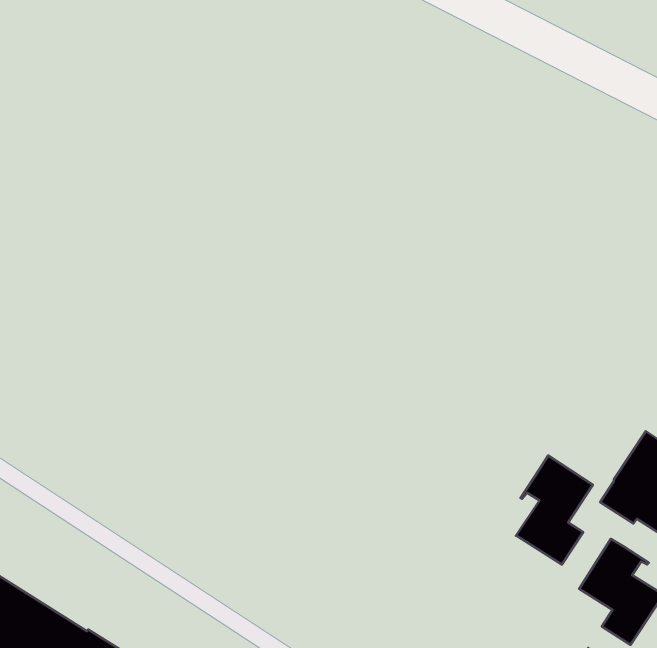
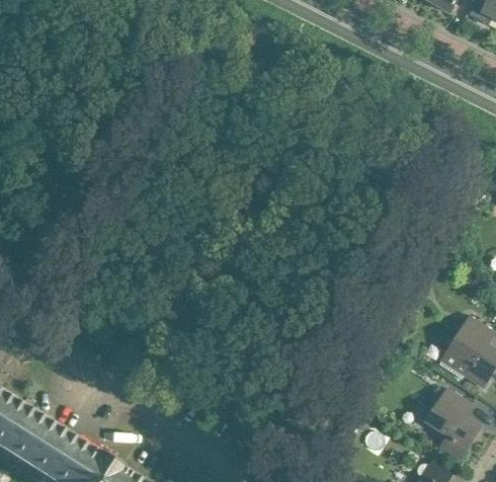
building: [516,456,593,564] -> none

